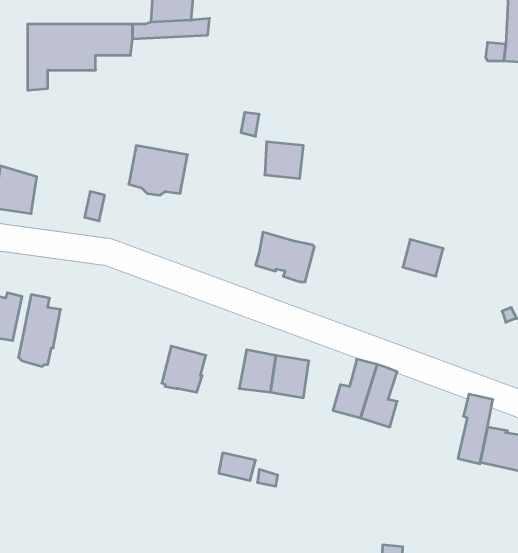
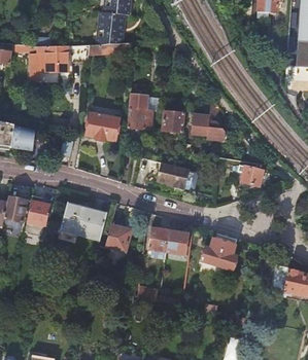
building: none -> [129,94,153,130]
building: none -> [191,113,225,141]
building: none -> [60,202,107,241]

